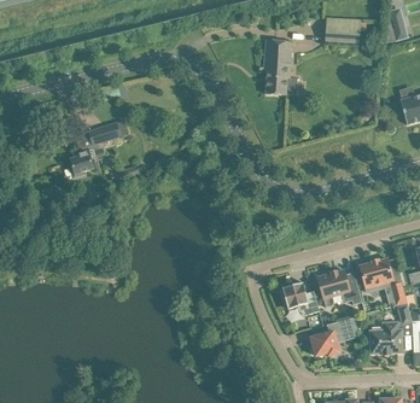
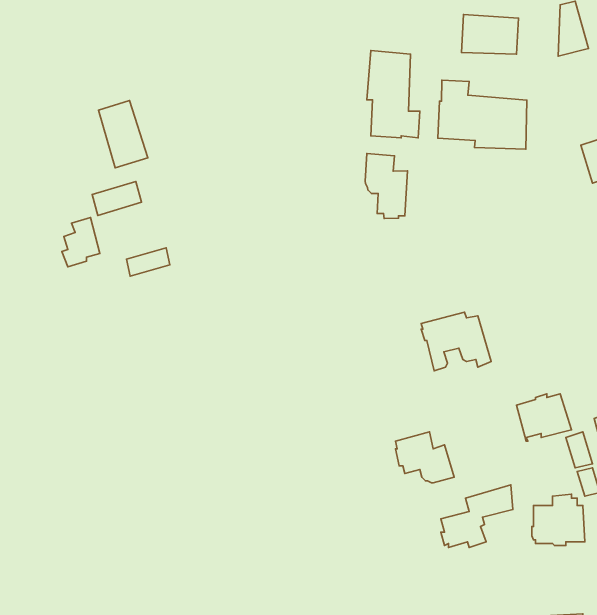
building: none -> [438,80,527,149]
building: none -> [98,101,148,168]
building: none -> [365,154,408,218]
building: [316,269,361,306] -> [421,312,491,371]

